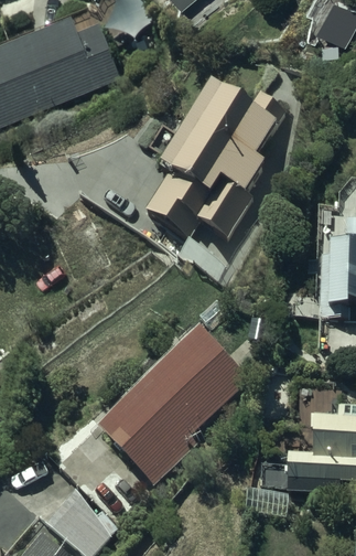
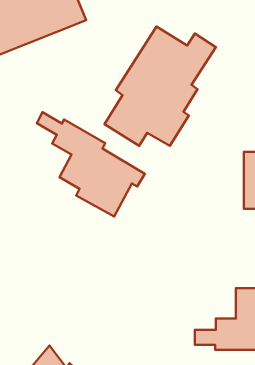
building: none -> [37,112,145,217]
building: [98,328,249,482] -> none

